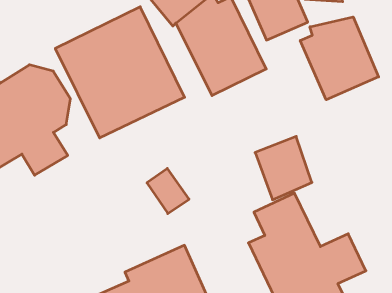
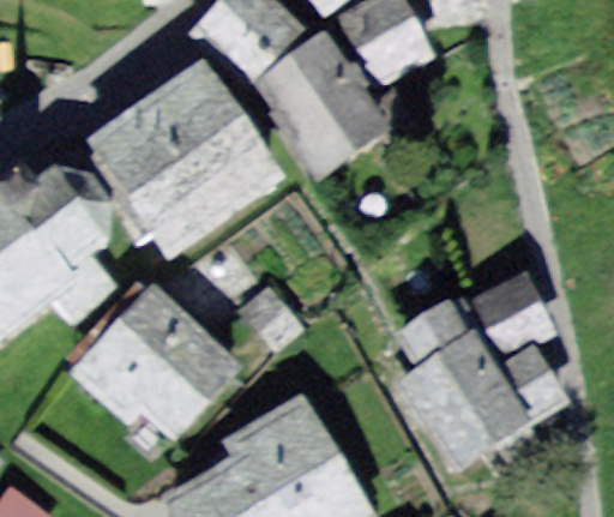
building: [300,17,379,100] -> none
building: [255,136,312,200] -> [470,266,555,360]
building: none -> [71,284,242,439]

